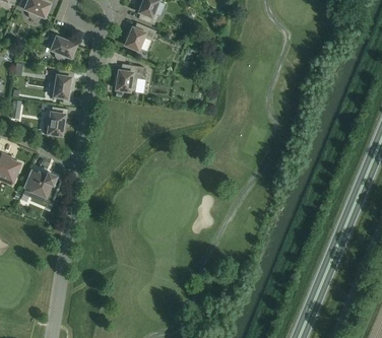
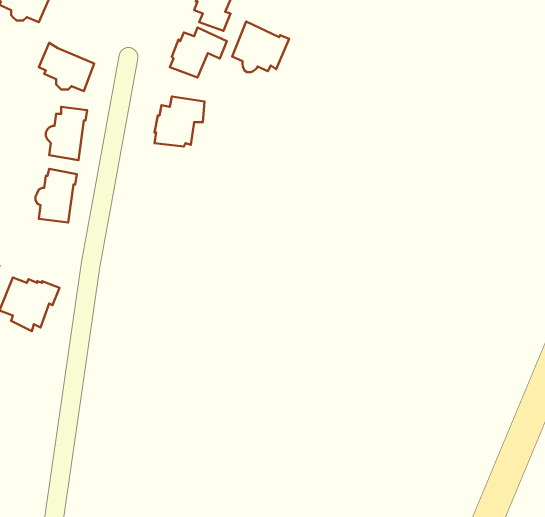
building: none -> [232,22,289,72]

